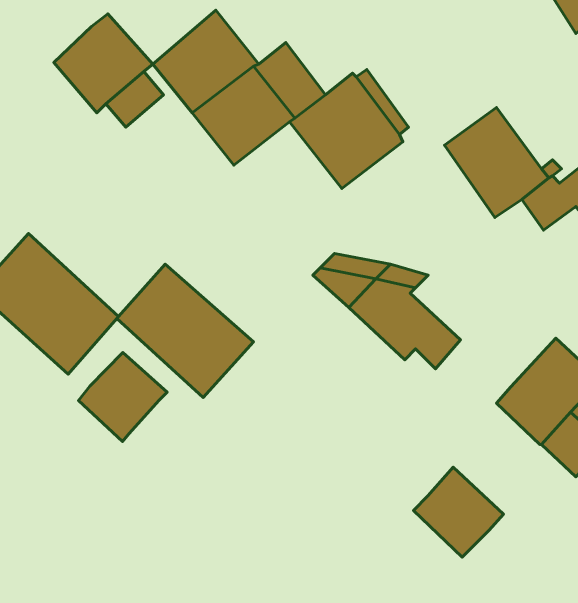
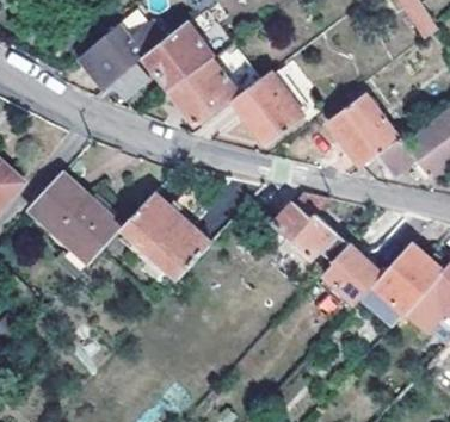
building: [78,353,167,441] -> none
building: [414,467,504,557] -> [320,242,380,302]

